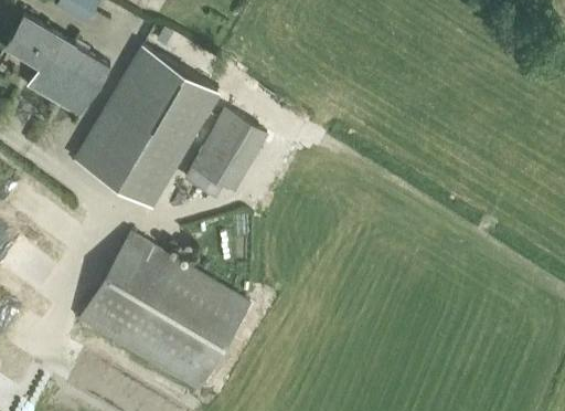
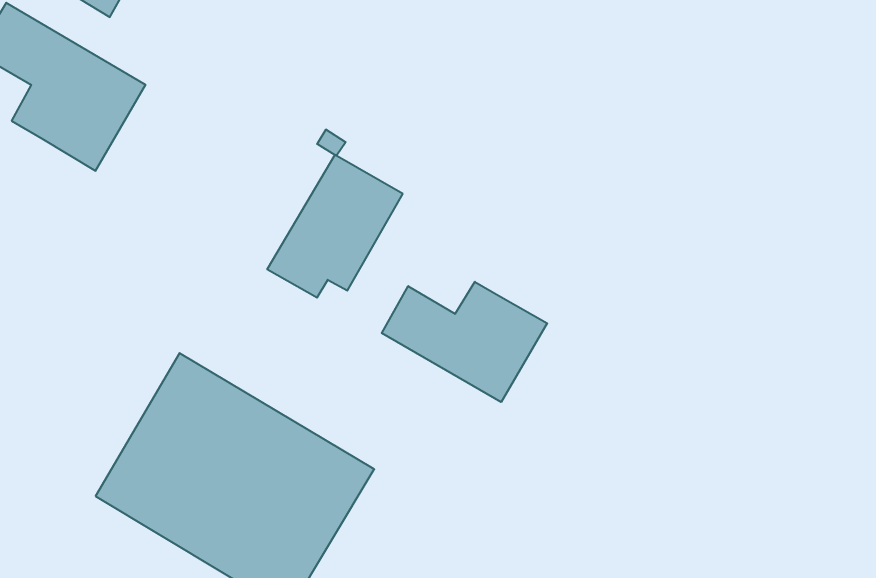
building: [74,46,215,204] -> none
building: none -> [382,282,547,402]

